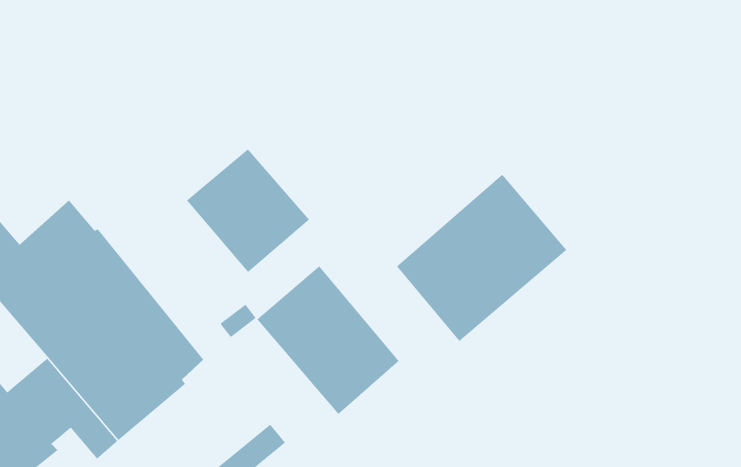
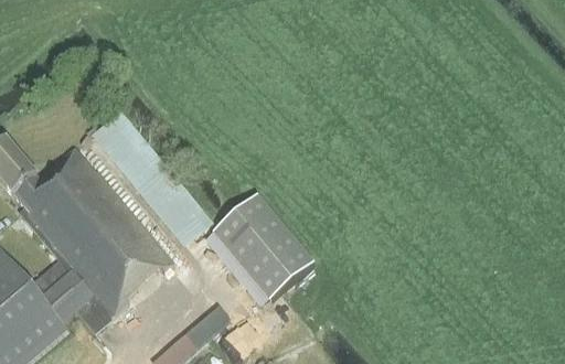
building: [186,149,310,273] -> none
building: [396,174,567,342] -> none

